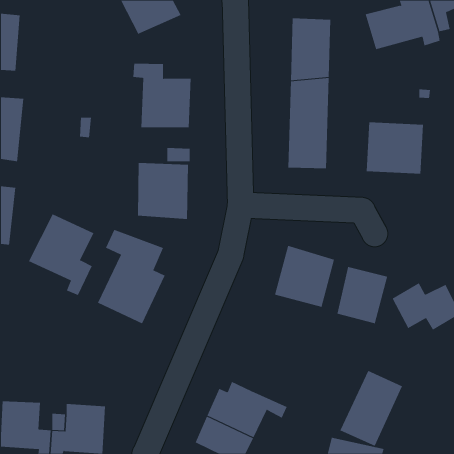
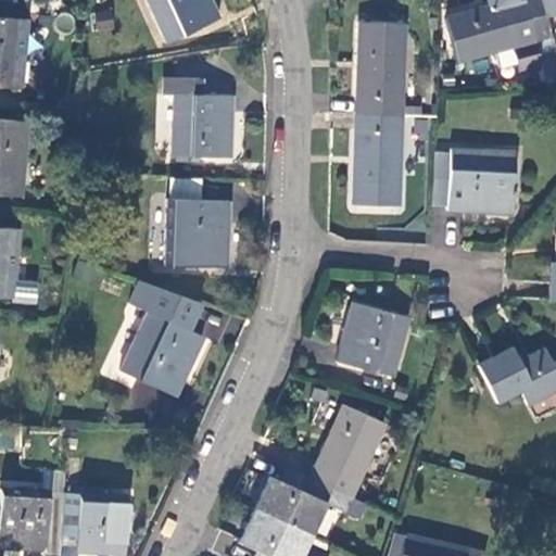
building: [28,214,94,296] -> none
building: [337,266,388,324] -> none
building: [339,370,403,447] -> [308,404,386,497]

